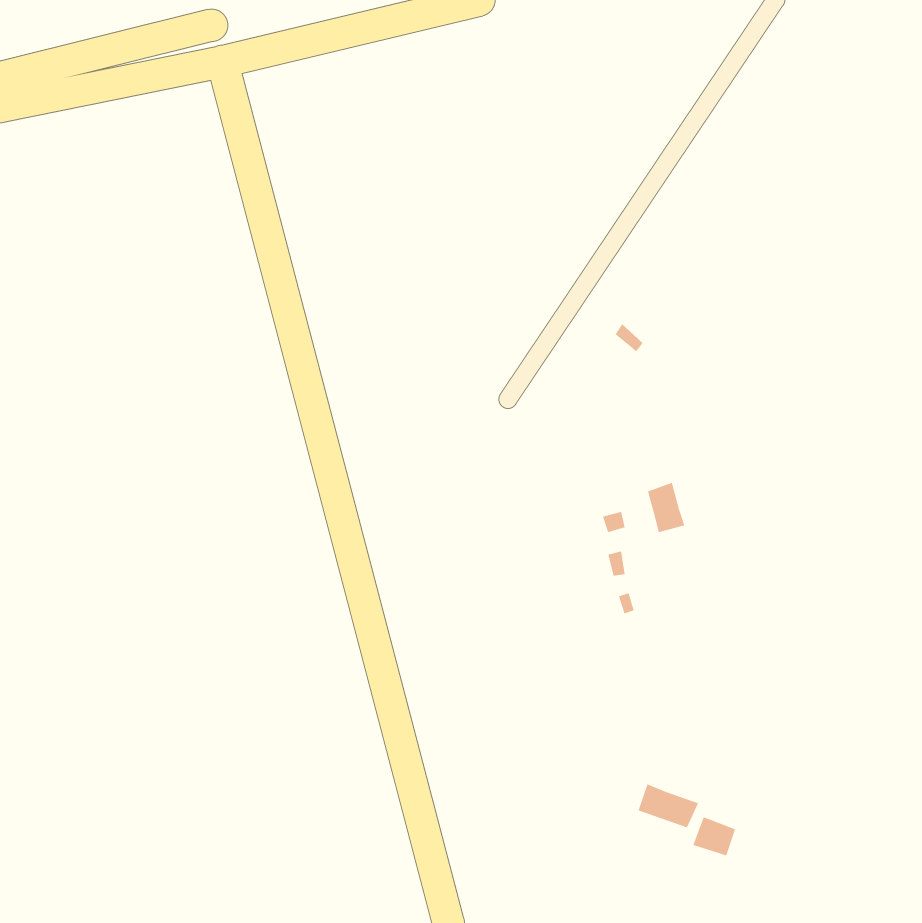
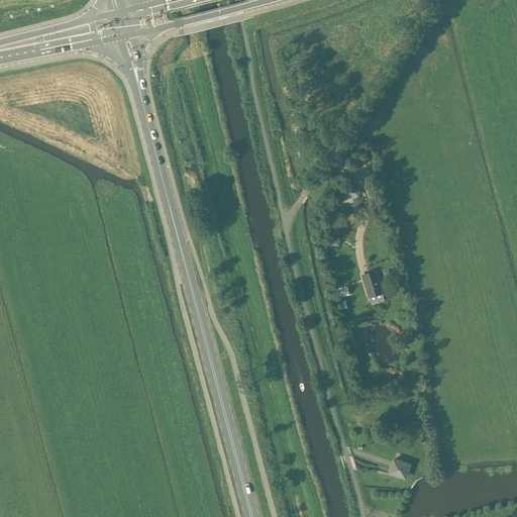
building: [638,783,699,828] -> none

